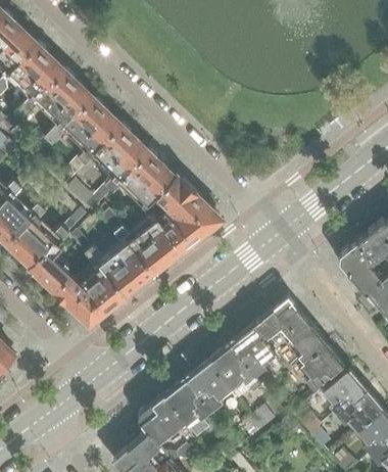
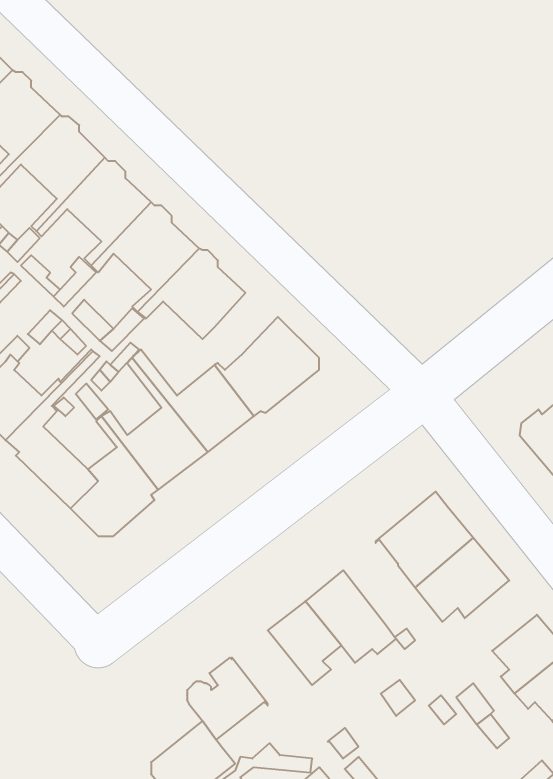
building: [155,175,193,214] -> none
building: [232,324,275,375] -> none
building: [304,348,343,390] -> none
building: [165,378,213,442] -> none

